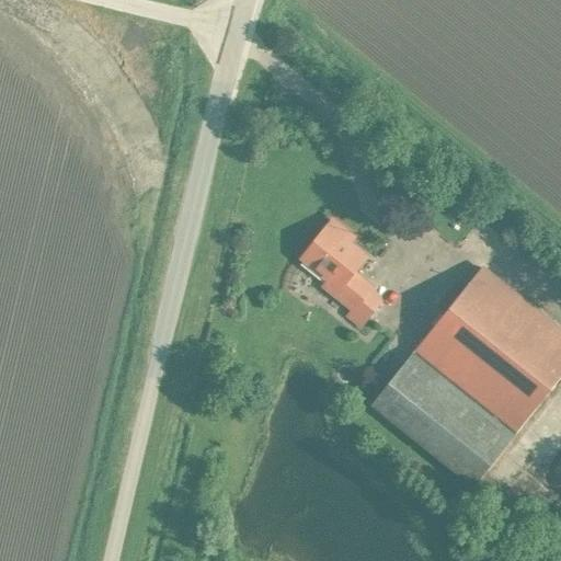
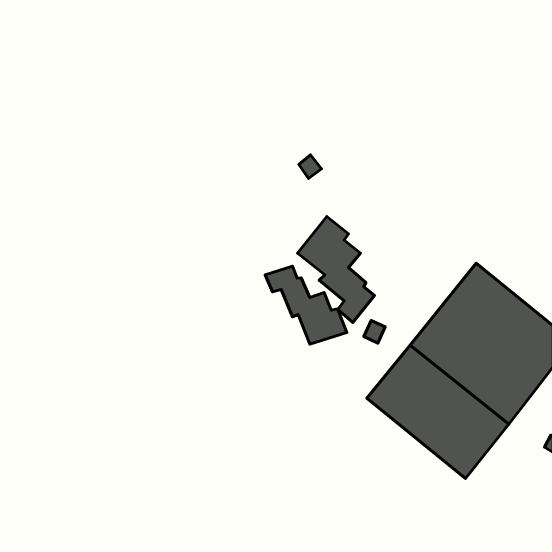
building: none -> [265,266,347,344]

